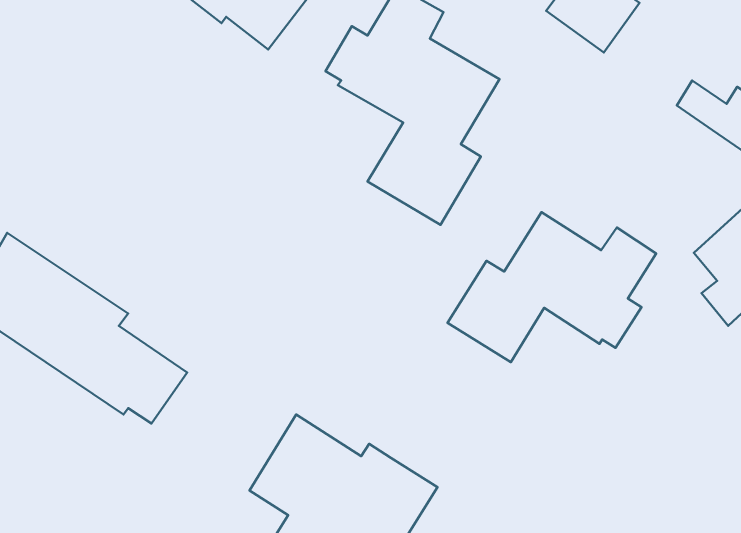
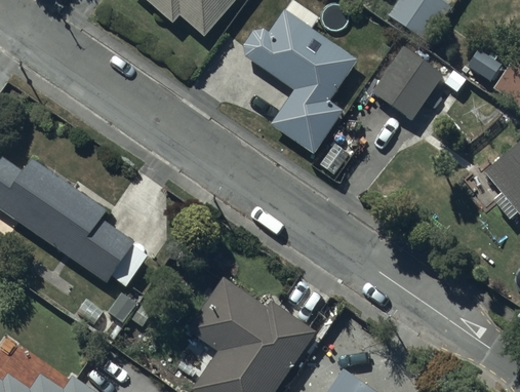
building: none -> [373,48,441,117]
building: [447,212,656,362] -> none

